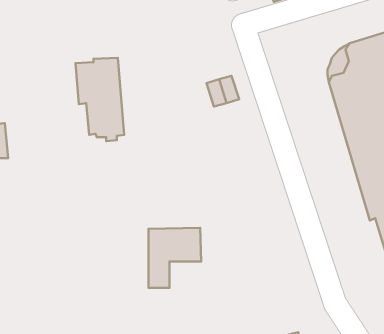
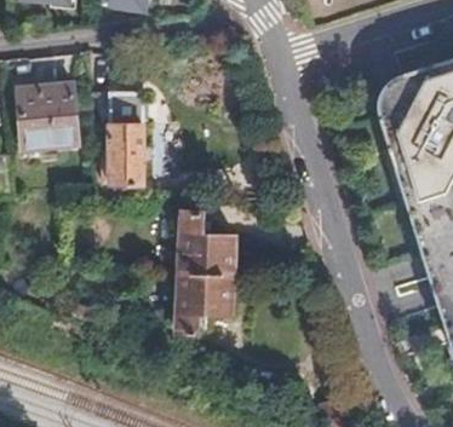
building: none -> [19,85,80,150]
building: none -> [171,218,231,285]

